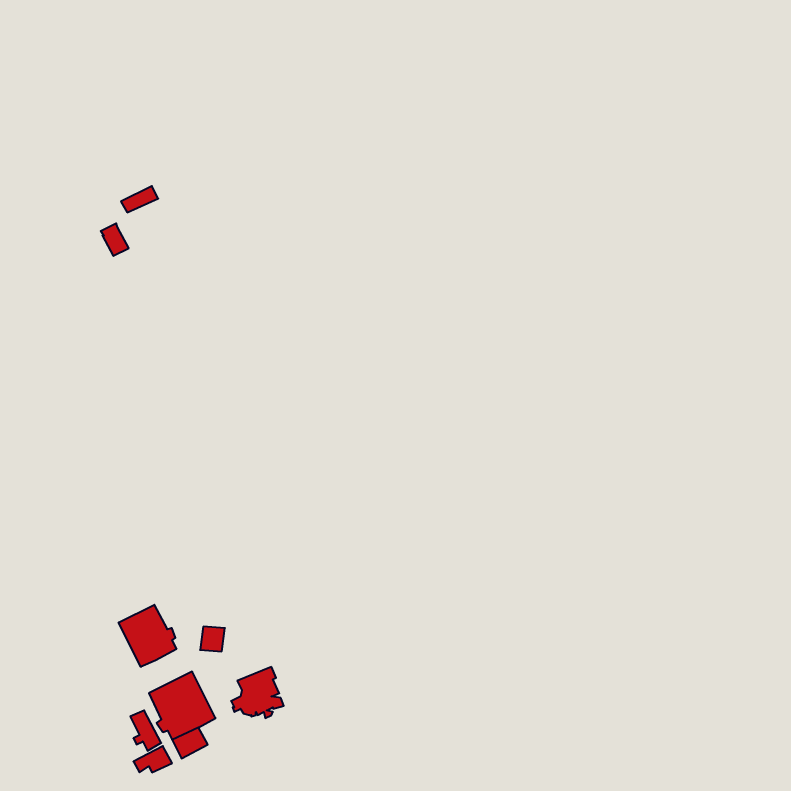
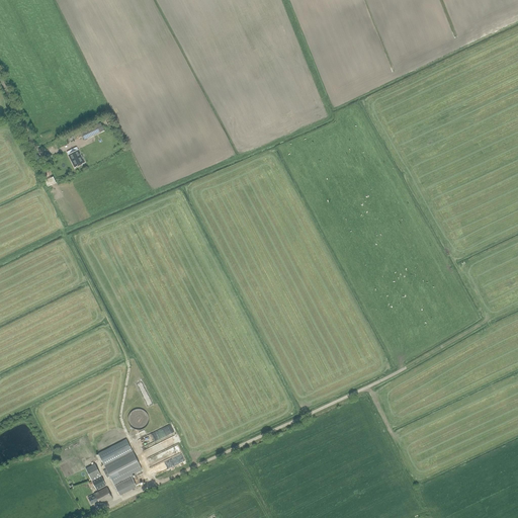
building: [119,605,176,667] -> none

